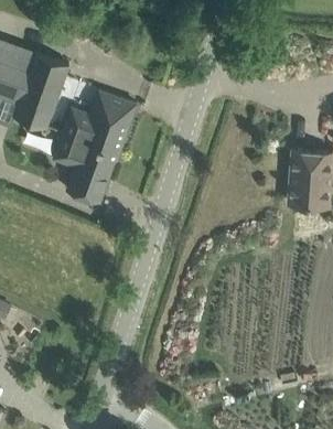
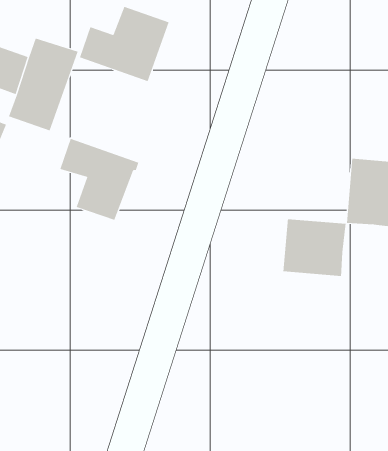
building: [63,89,137,151] -> [79,6,170,82]
building: none -> [283,218,346,277]

